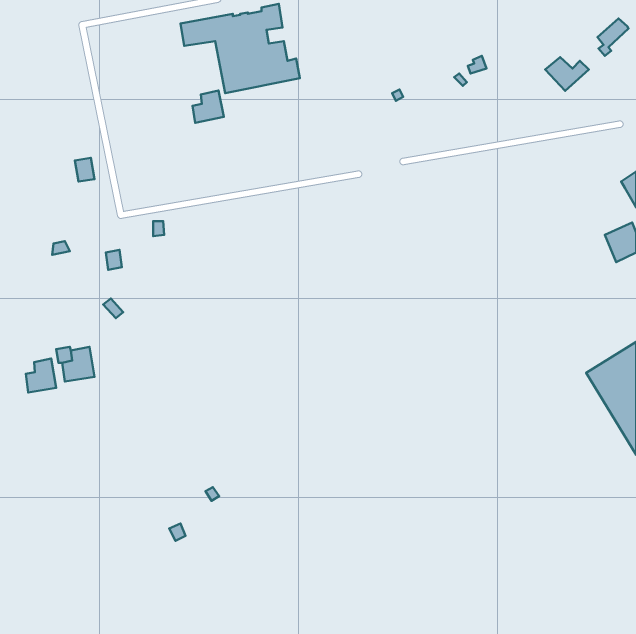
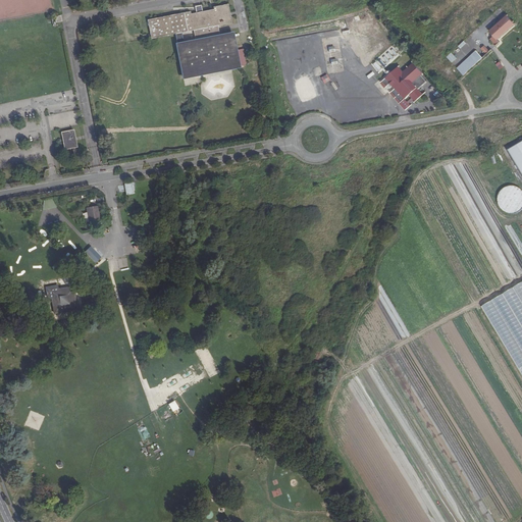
building: none -> [383,65,429,104]
building: [192,90,224,123] -> none
building: [26,359,56,393] -> none

